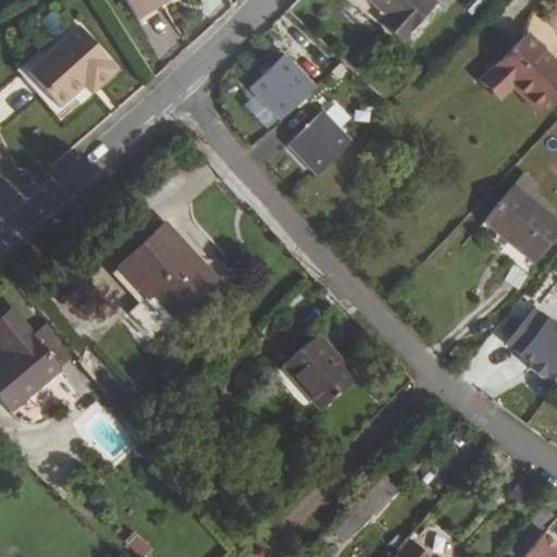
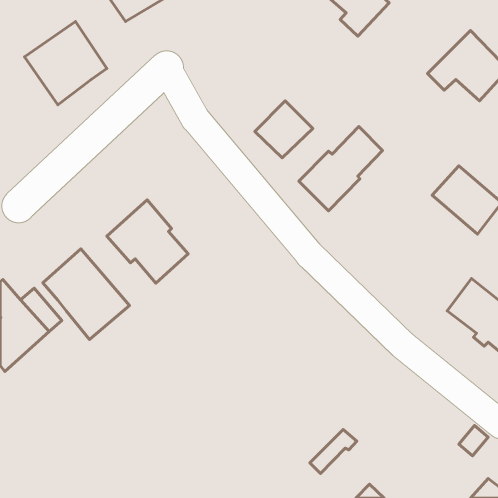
building: [250,52,315,117] -> none
building: none -> [299,126,383,211]
building: none -> [43,249,129,340]
building: [285,332,359,405] -> none

